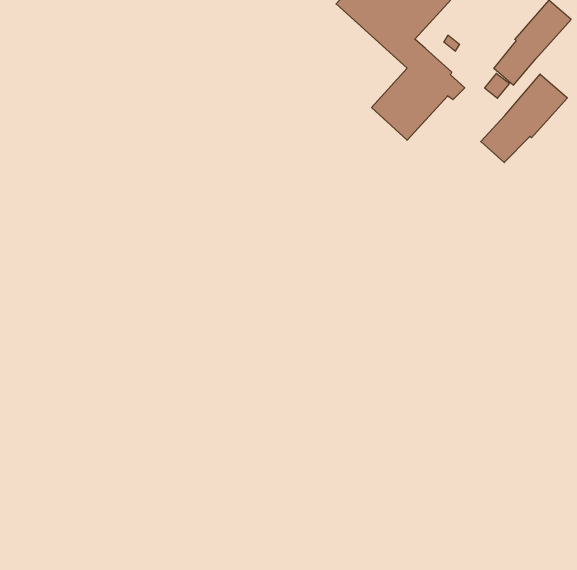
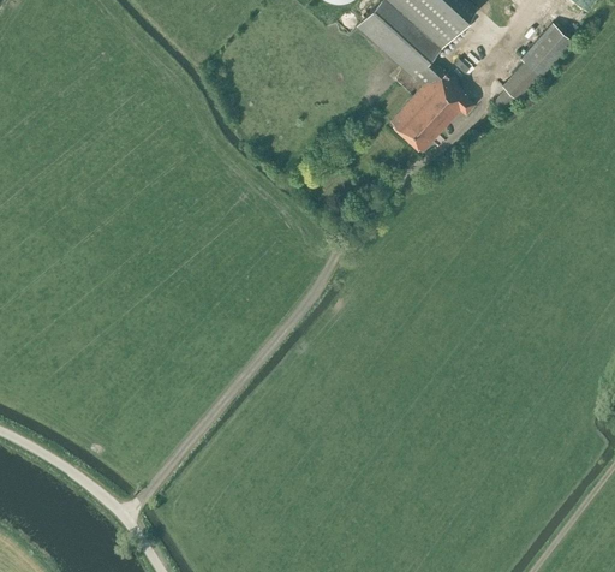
building: [481,74,567,163] -> none

